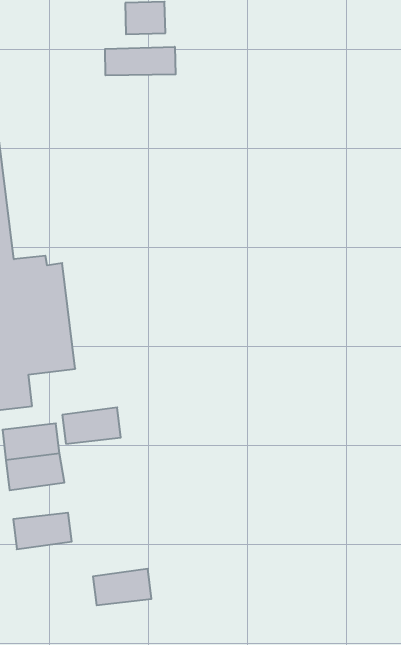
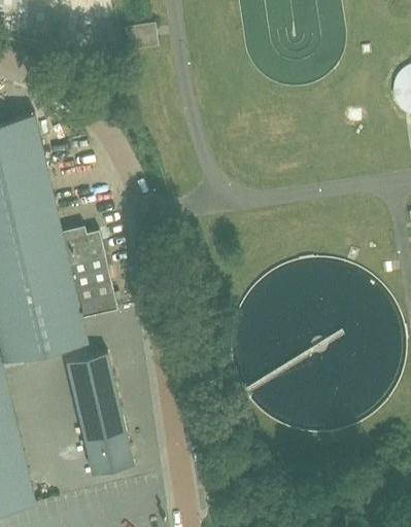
building: [105,47,176,75] -> none
building: [62,407,121,444] -> [76,397,123,429]
building: [93,569,151,605] -> [87,442,133,473]

